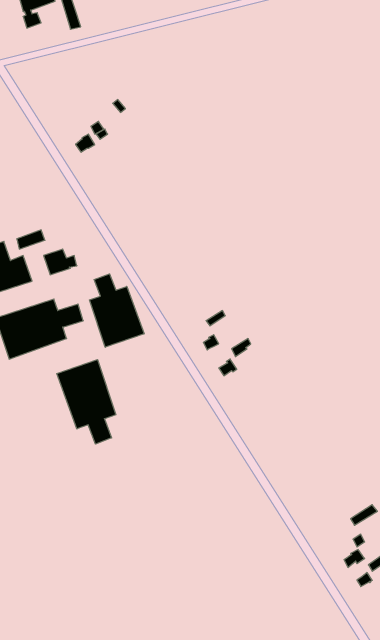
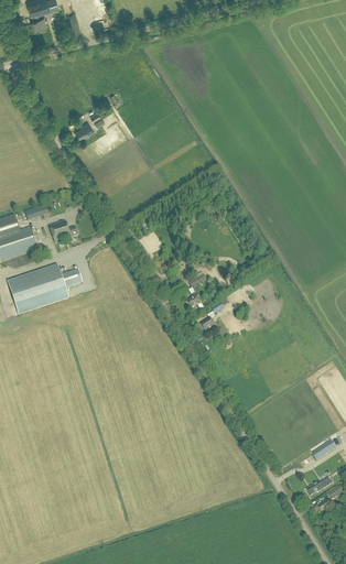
building: [90,274,144,347] -> none
building: [57,360,116,444] -> none

